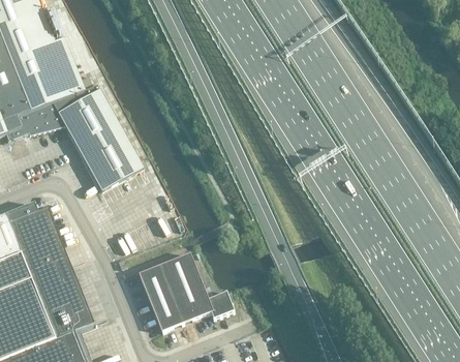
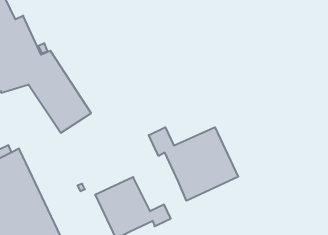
building: none -> [149,127,238,201]

